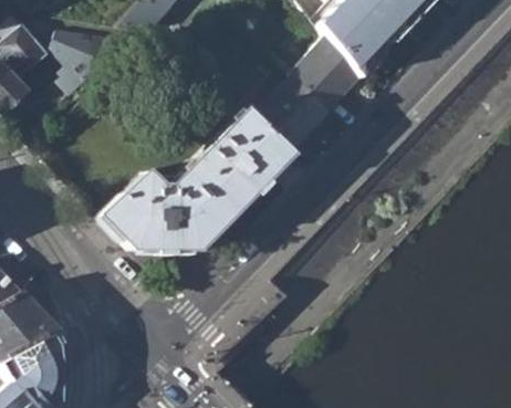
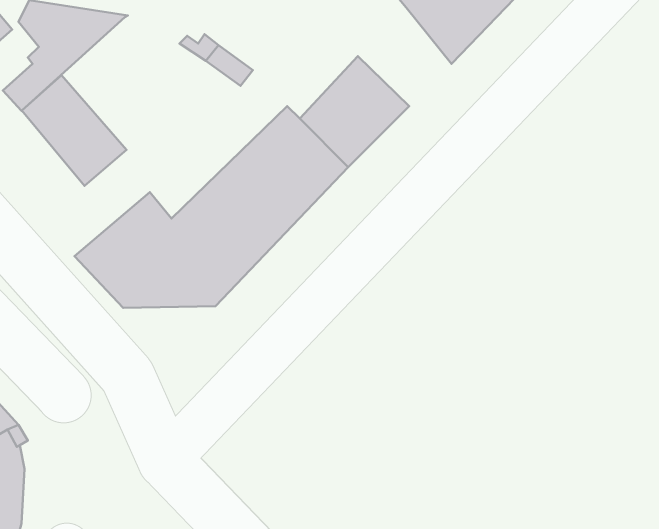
building: [296,35,363,105] -> none
building: none -> [22,75,127,186]

